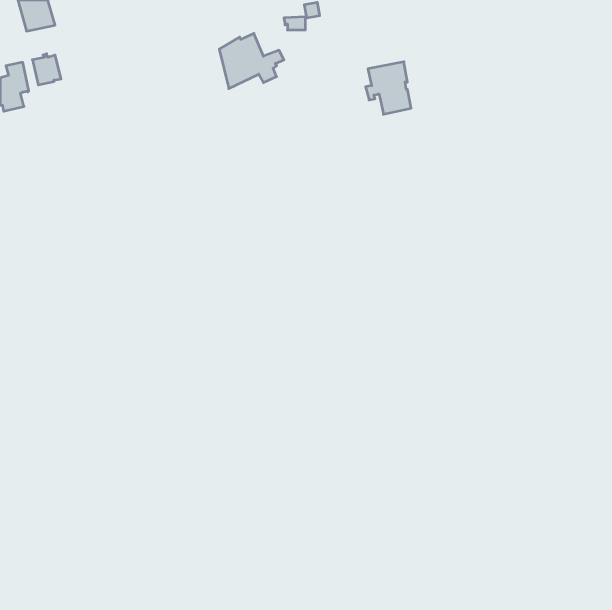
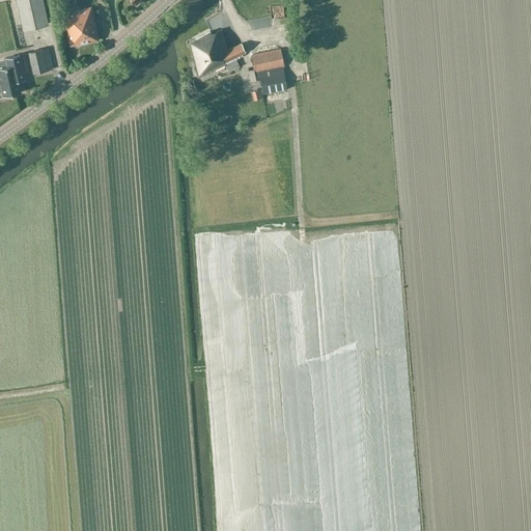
building: none -> [62,7,99,46]
building: [366,62,411,114] -> [248,50,287,95]

